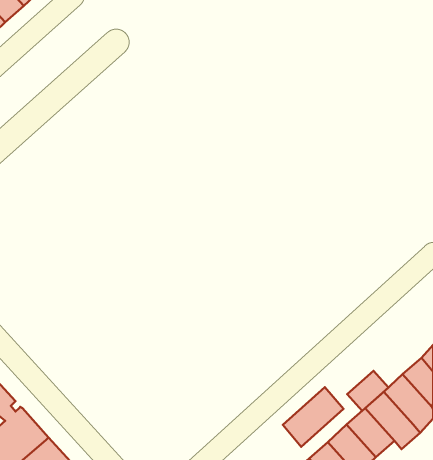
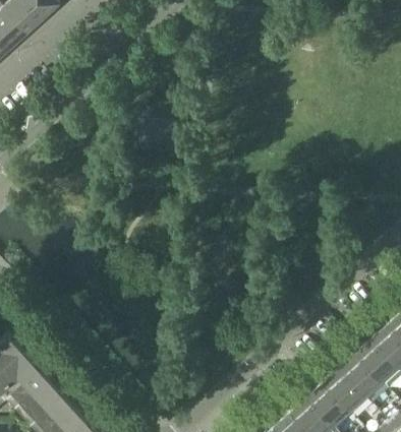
building: [347,371,388,411] -> none
building: [283,387,343,447] -> none

